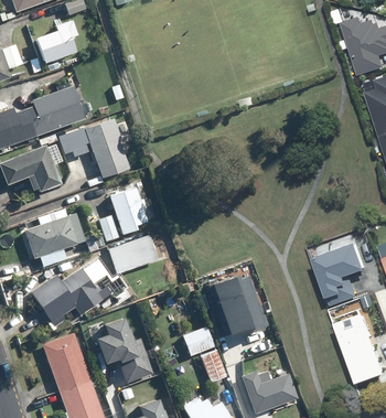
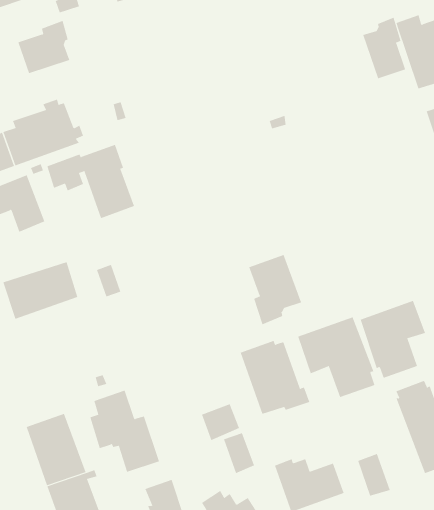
building: none -> [363,17,406,79]
building: [108,185,146,234] -> none
building: none -> [248,254,302,325]
building: [106,235,162,275] -> none
building: none -> [298,316,375,398]
building: [30,268,110,326] -> none
building: none -> [358,453,391,497]

